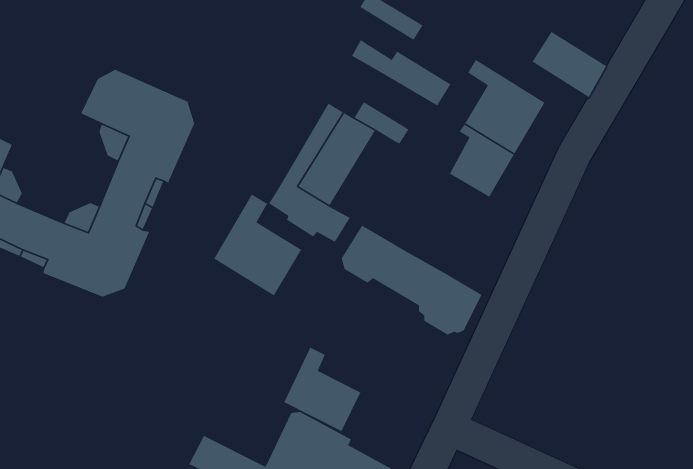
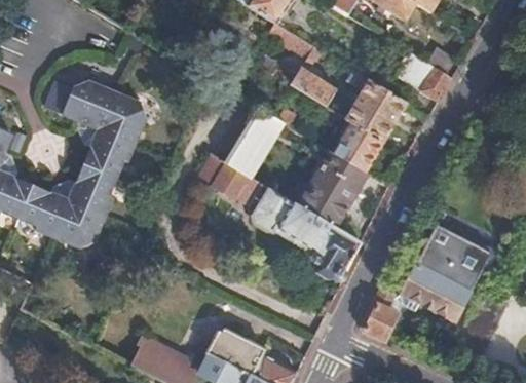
building: none -> [300,156,364,228]
building: [213,193,302,296] -> none
building: none -> [360,224,490,340]
building: [283,347,362,432] -> none

